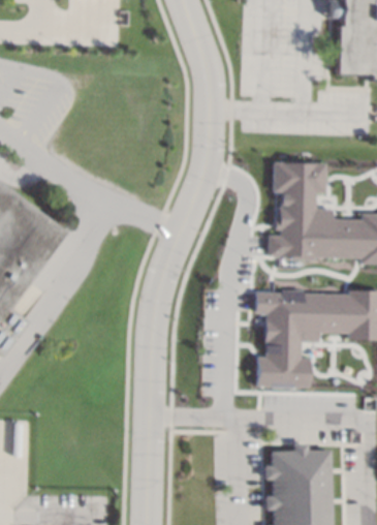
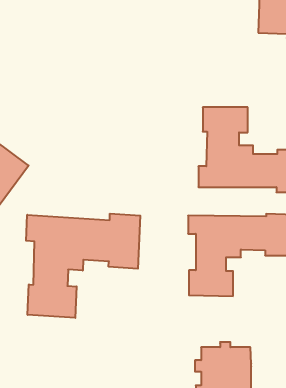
building: none -> [26,214,140,318]

